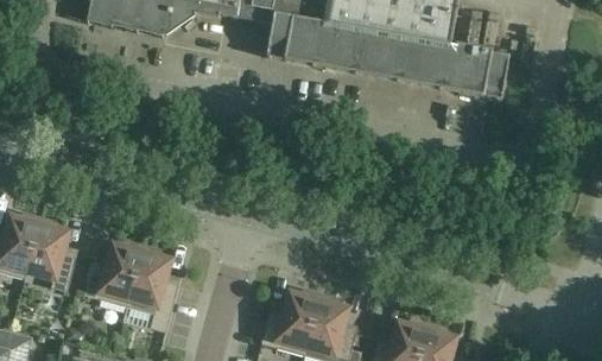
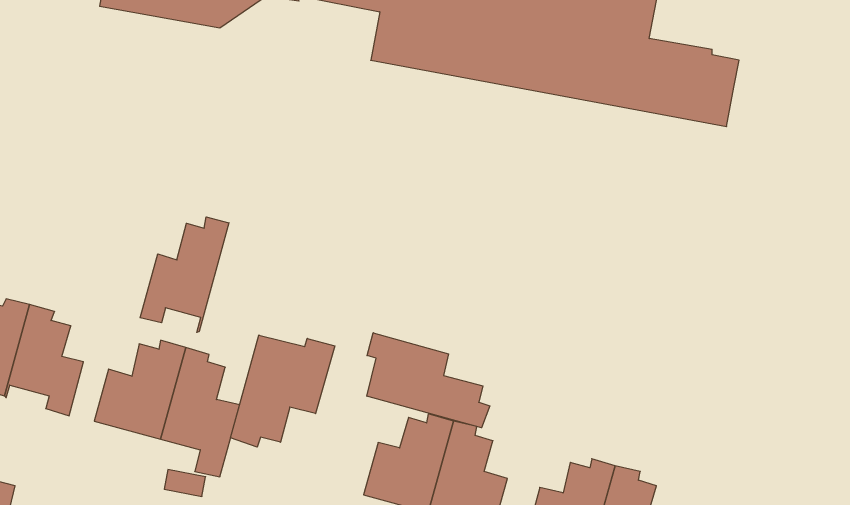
building: none -> [140,217,229,332]
building: none -> [367,333,490,428]
building: none -> [231,335,335,447]

